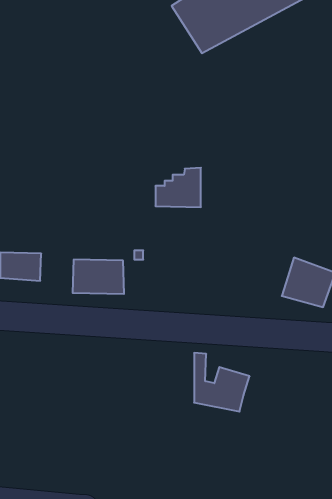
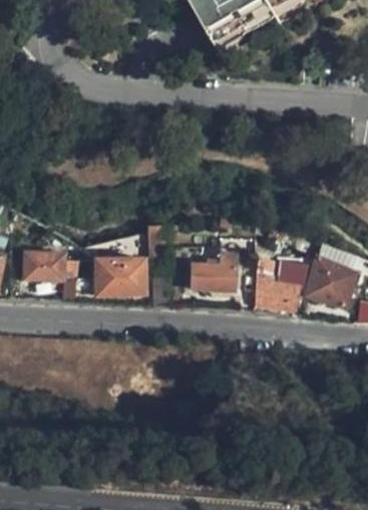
building: [155,168,201,207] -> [189,251,234,290]
building: [194,353,250,412] -> [254,252,309,310]

